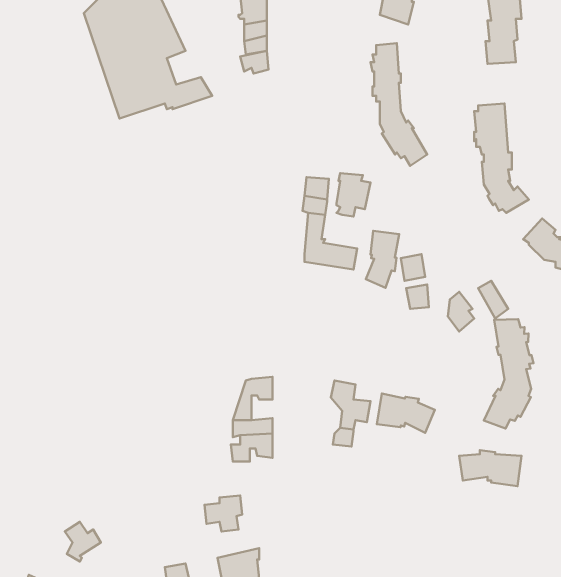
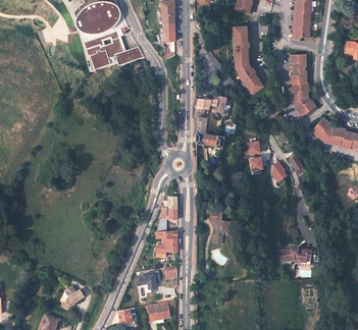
building: [366,231,399,288] -> none
building: [484,319,534,428] -> none
building: [377,394,435,433] -> none

